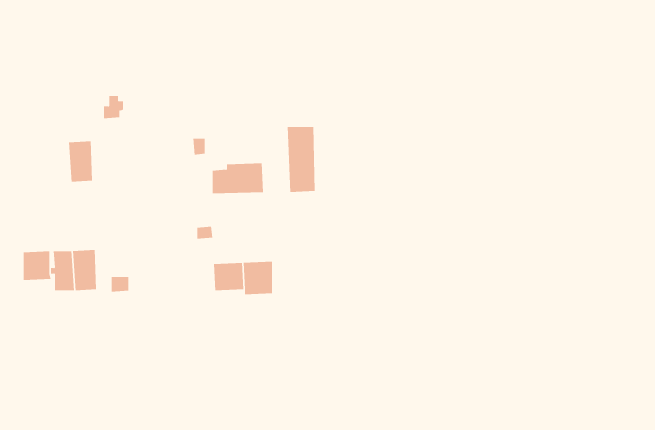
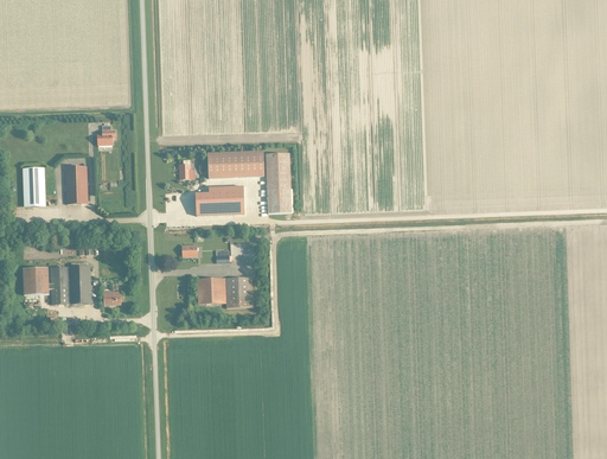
building: none -> [206,153,263,180]
building: none -> [23,166,45,204]

